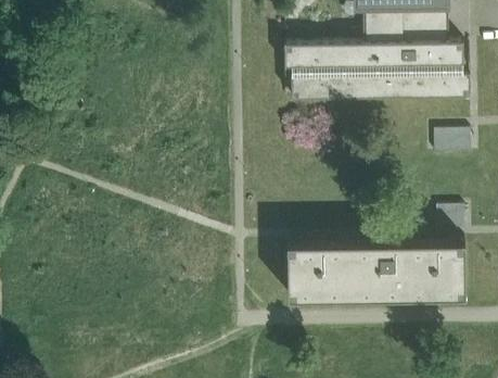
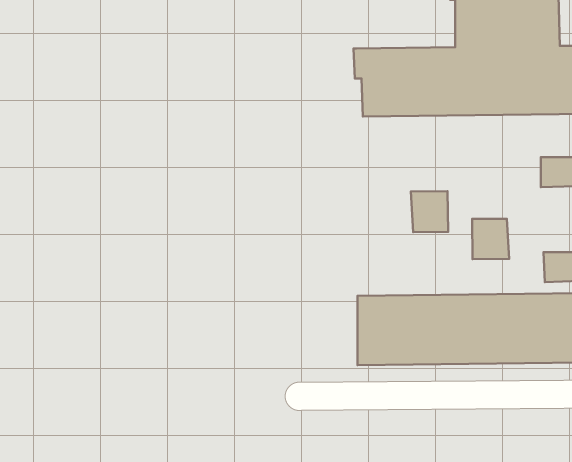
building: none -> [411,191,448,232]
building: none -> [472,219,509,259]

